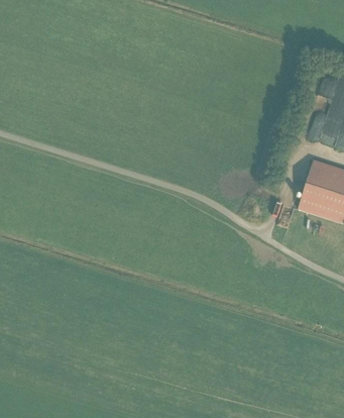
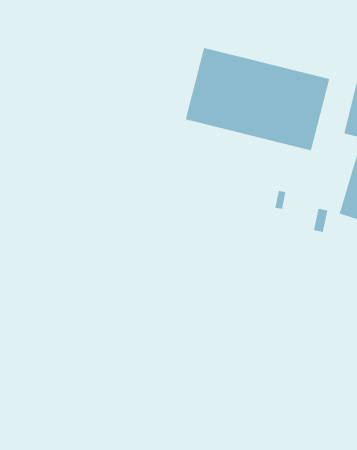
building: none -> [185,47,330,151]

